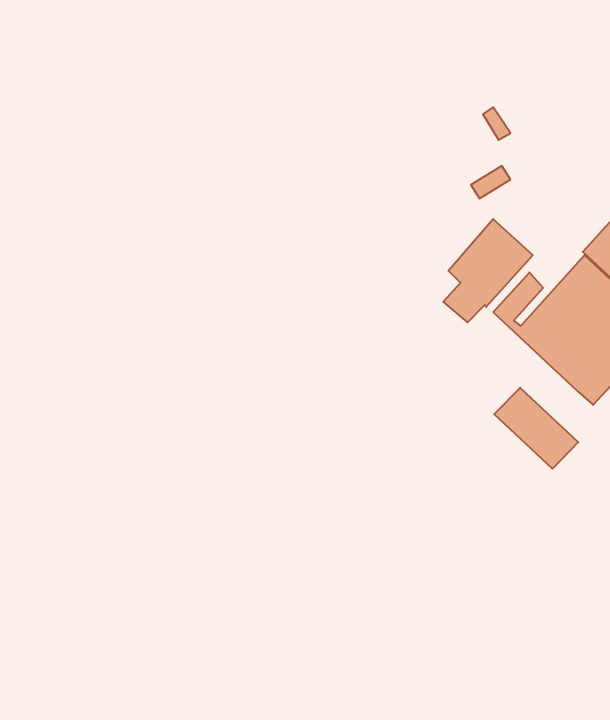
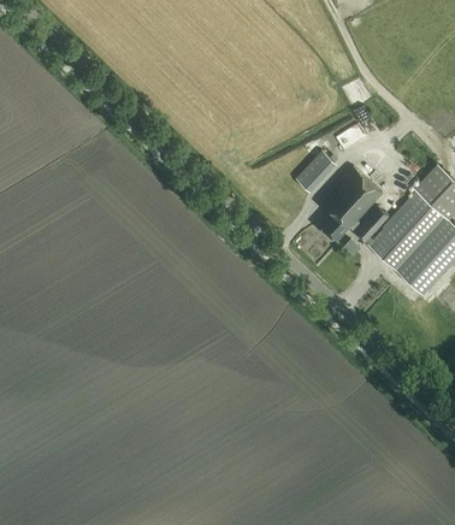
building: none -> [296,149,337,191]
building: [494,388,578,469] -> none

